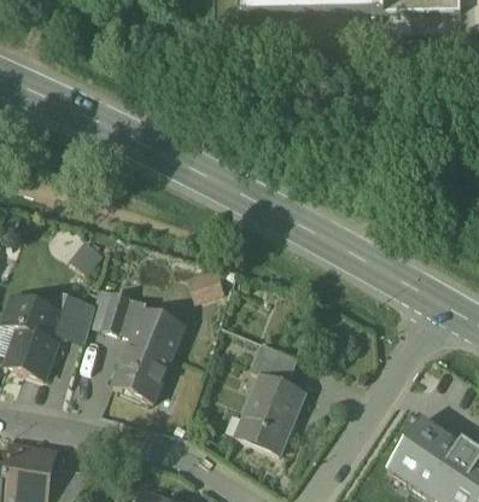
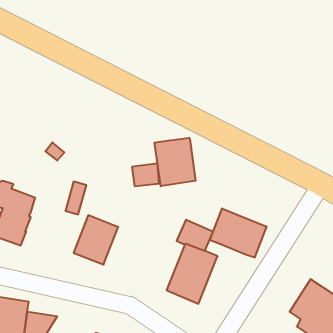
building: none -> [154,138,196,186]
building: [56,296,93,343] -> none
building: [132,310,182,352] -> none
building: none -> [210,208,266,258]

